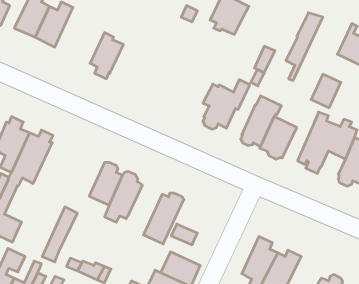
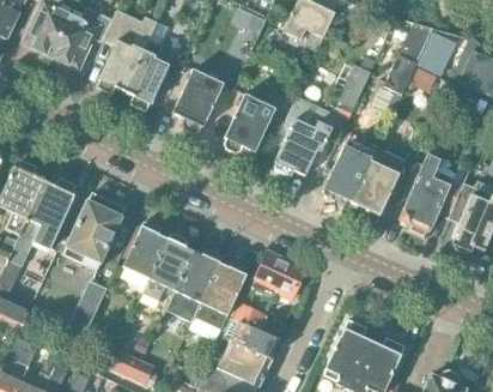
building: none -> [97,10,157,94]
building: none -> [172,68,223,132]
building: none -> [225,94,275,151]
building: [311,74,341,108] -> [418,31,457,76]
building: none -> [63,191,124,269]
building: none -> [166,249,223,321]
building: none -> [250,251,306,298]
building: none -> [224,318,279,357]

